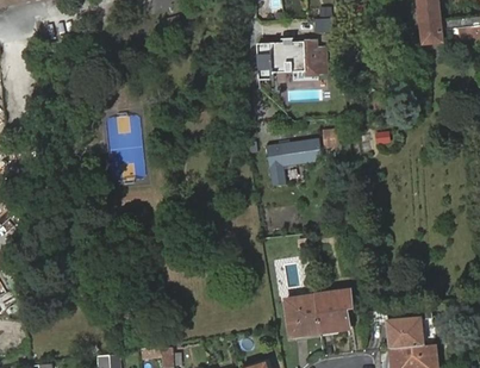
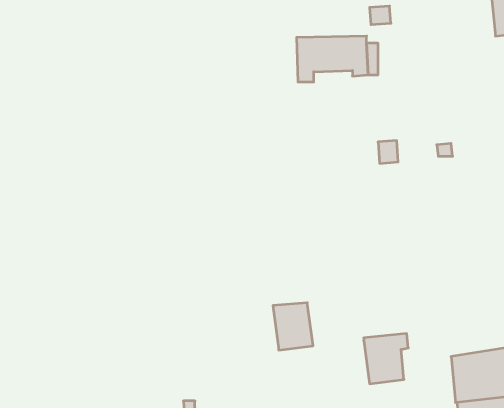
building: [266,137,322,187] -> none
building: [283,295,317,335] -> [273,303,313,350]

